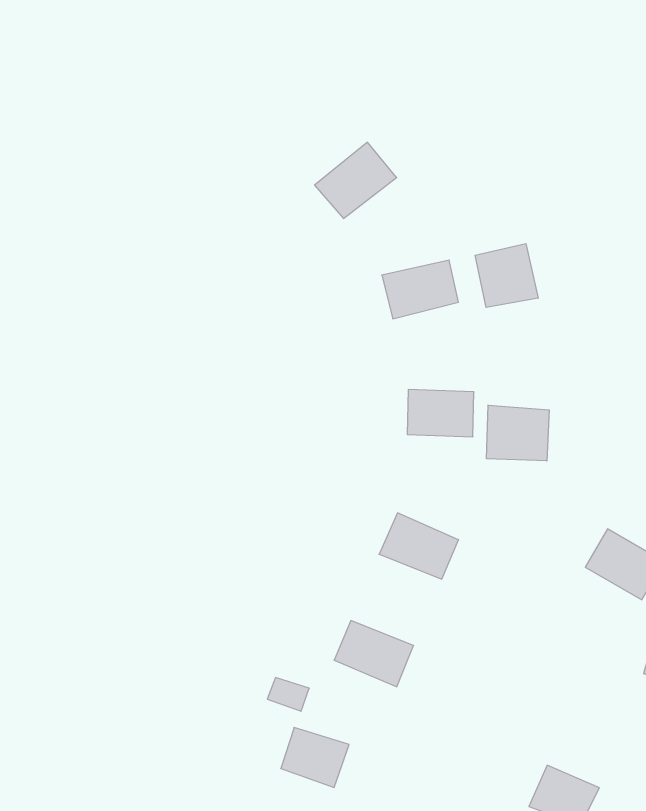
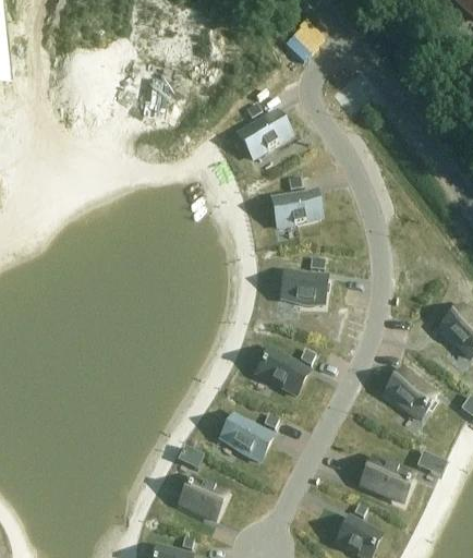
building: [475,244,538,307] -> none
building: [486,405,549,461] -> none
building: none -> [362,459,412,501]

